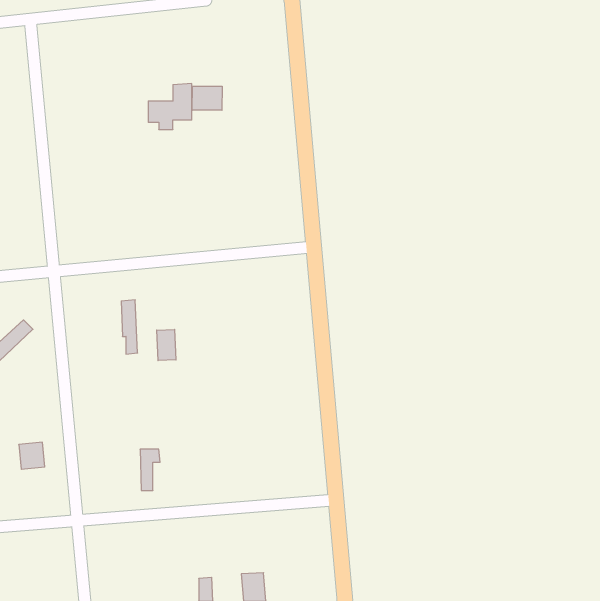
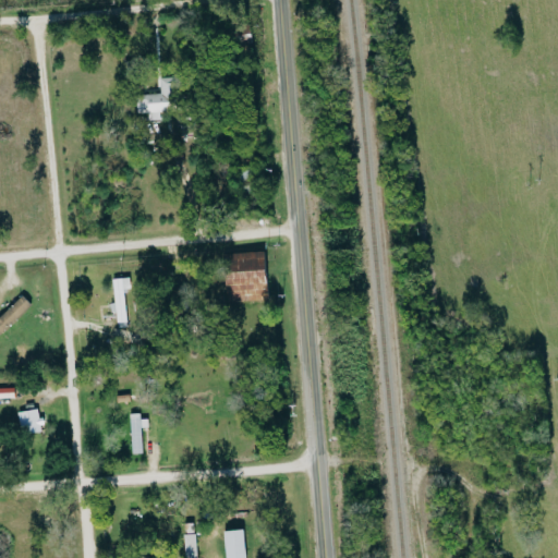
building: [192,86,222,110] -> none
building: none -> [225,252,267,302]
building: [157,329,176,361] -> none

